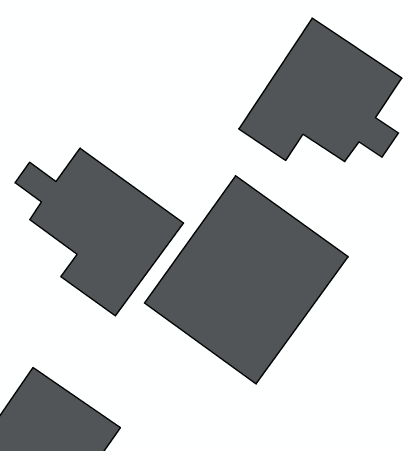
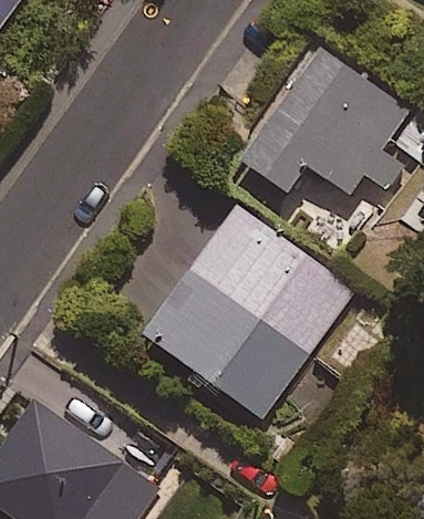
building: [15,148,184,316] -> none

